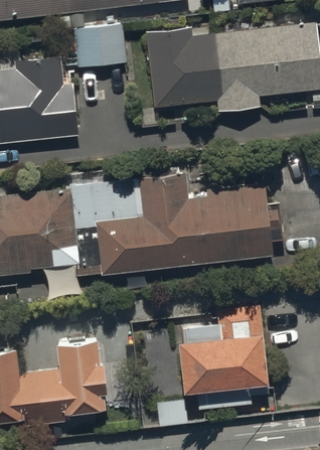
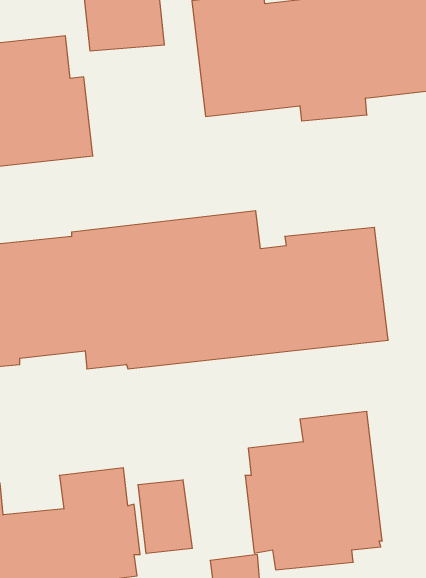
building: none -> [138,480,192,554]

